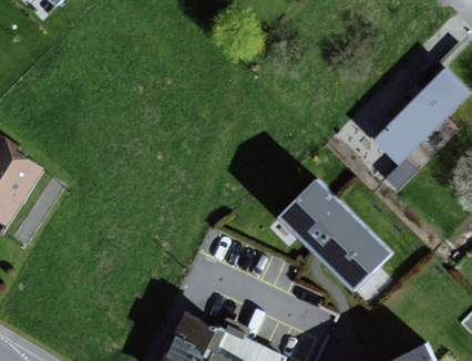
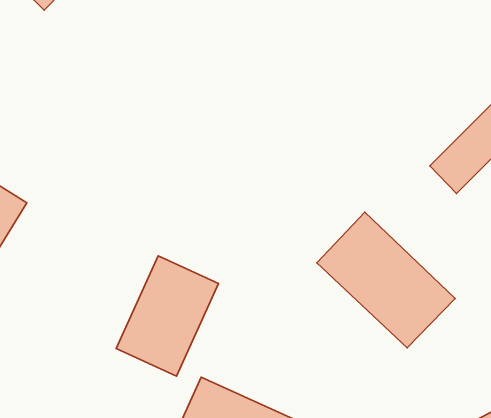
building: none -> [116,256,219,376]

